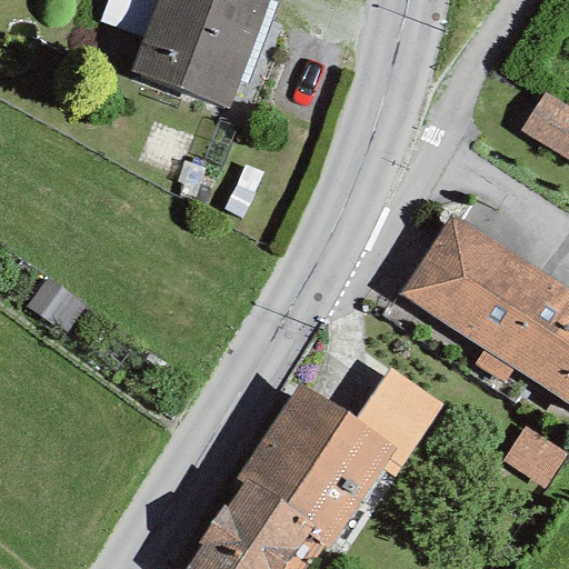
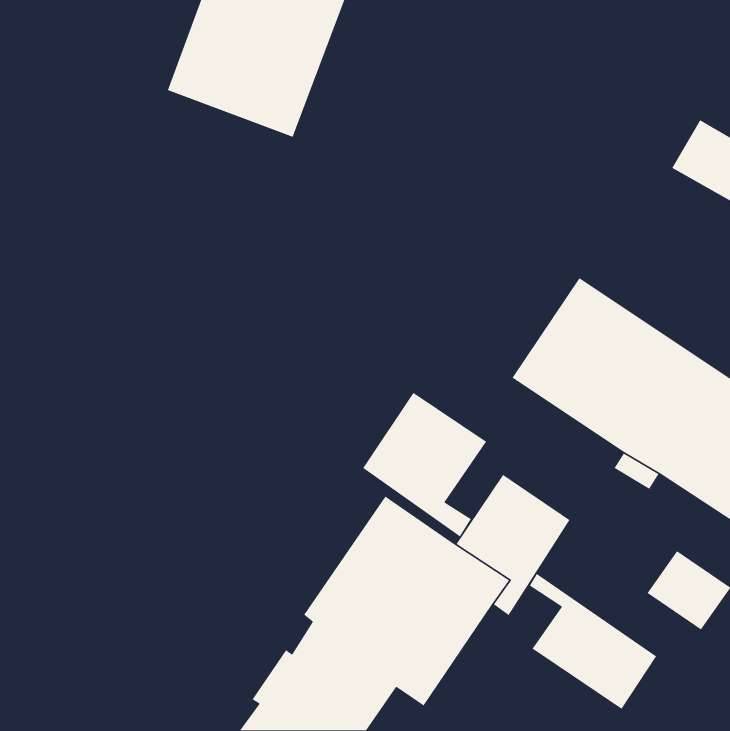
building: none -> [362,392,487,538]
building: none -> [529,573,657,710]

